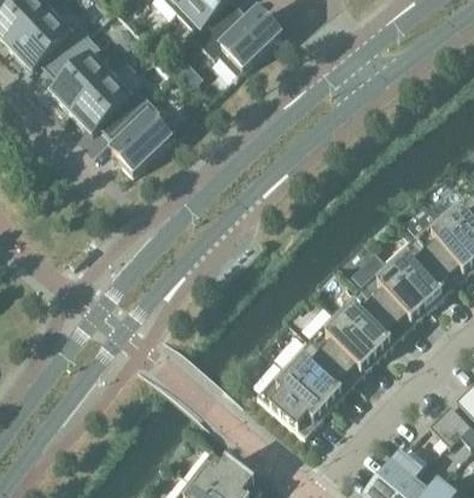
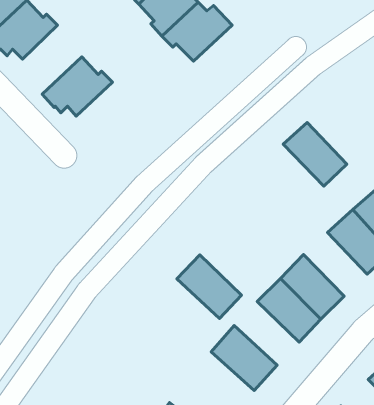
building: [49,34,115,110] -> none
building: [109,96,175,174] -> none
building: [358,262,428,332] -> [283,122,347,186]
building: [282,338,353,408] -> [177,255,242,318]

